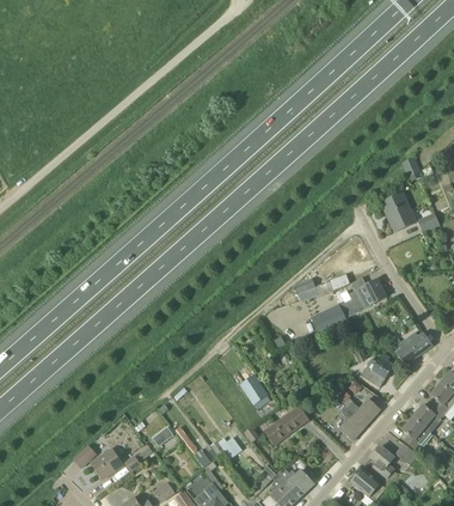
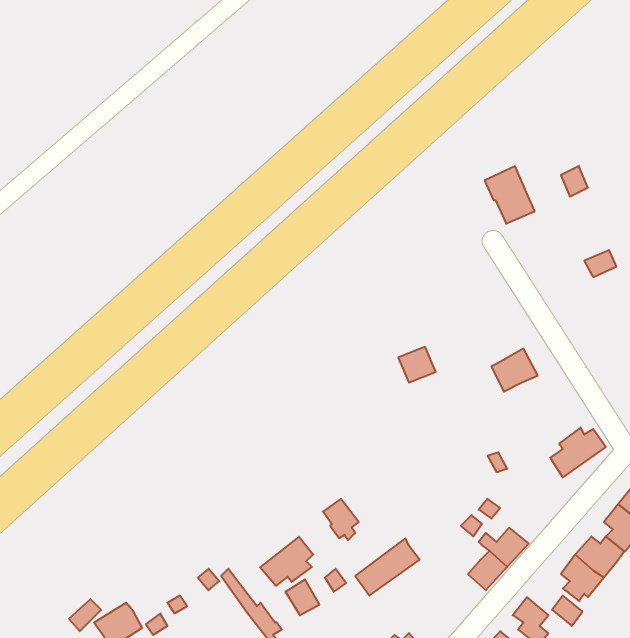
building: [381,193,415,231] -> [485,166,535,224]
building: [311,305,345,334] -> none
building: [360,353,392,386] -> none
building: none -> [260,537,313,586]

